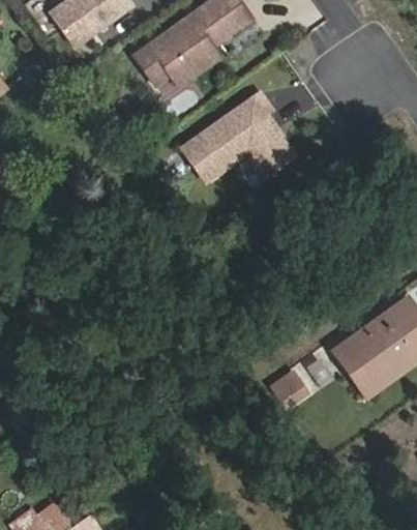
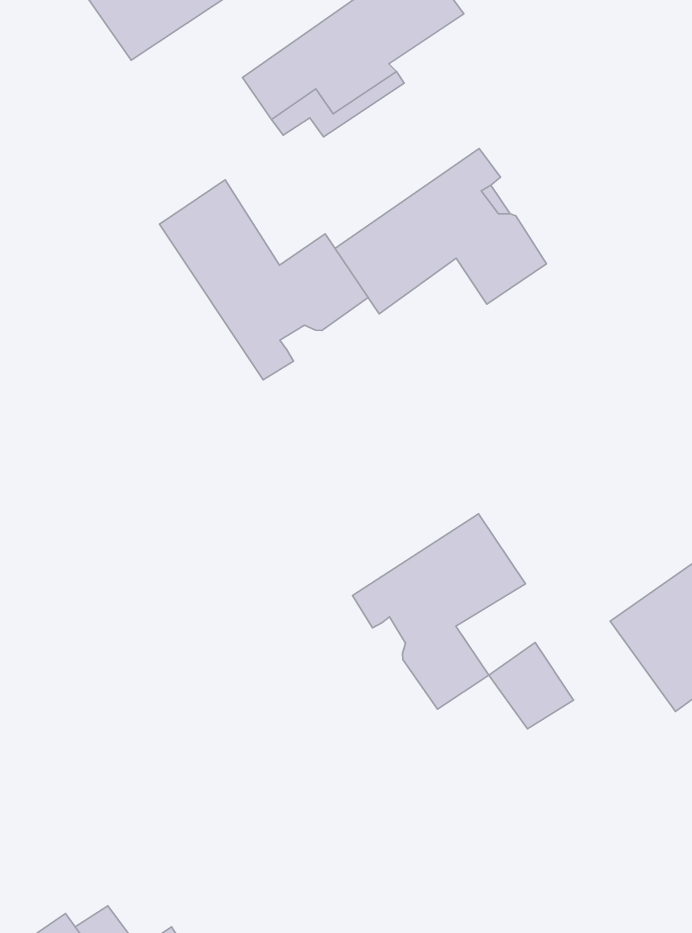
building: none -> [160,180,368,380]
building: none -> [352,514,525,709]

